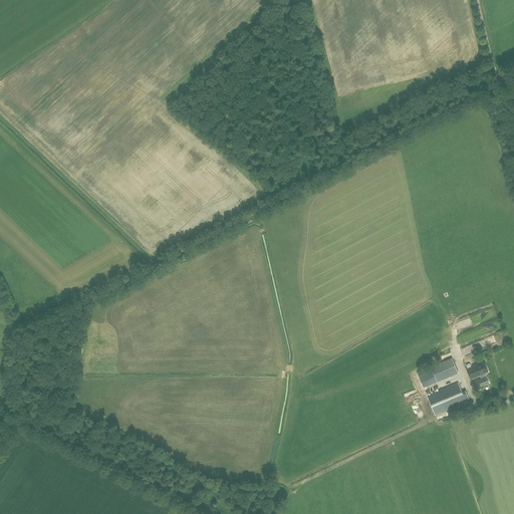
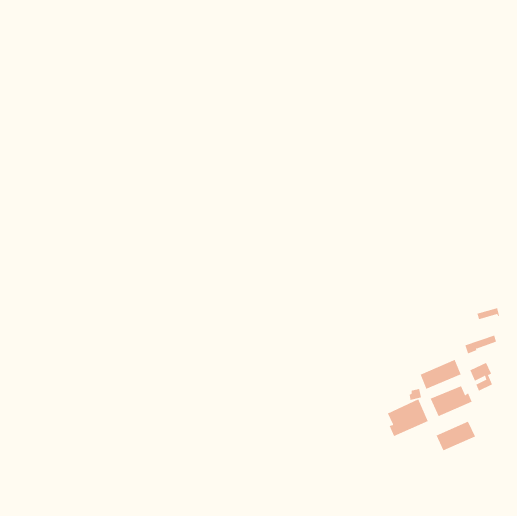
building: none -> [387,399,429,437]
building: none -> [436,421,476,451]

